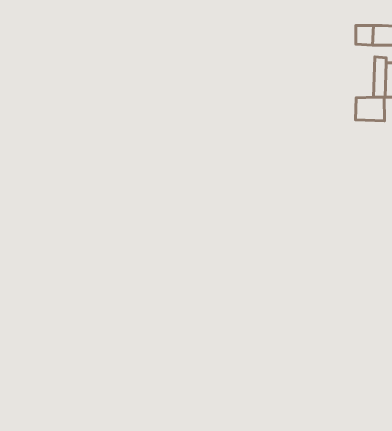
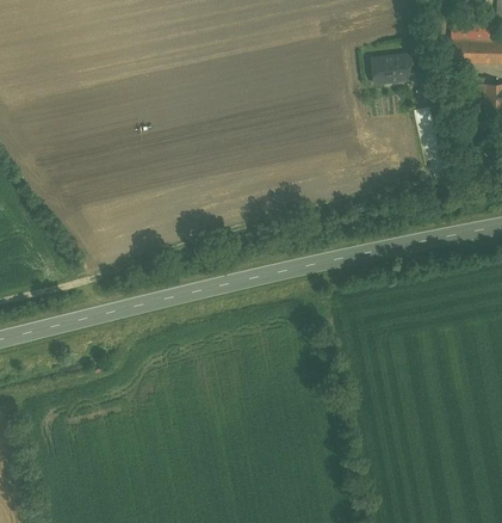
building: none -> [371,53,413,82]
building: [356,97,385,121] -> none

